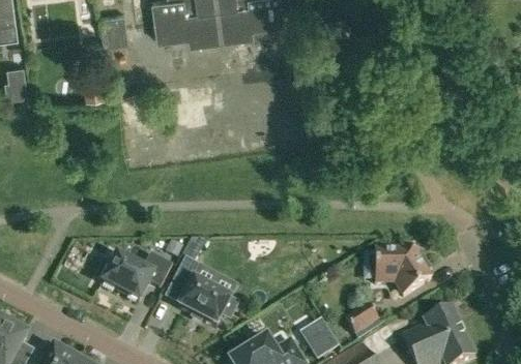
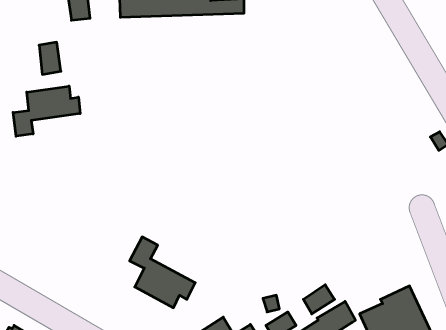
building: none -> [13,86,80,136]
building: [375,245,431,294] -> none
building: [103,253,173,299] -> none

